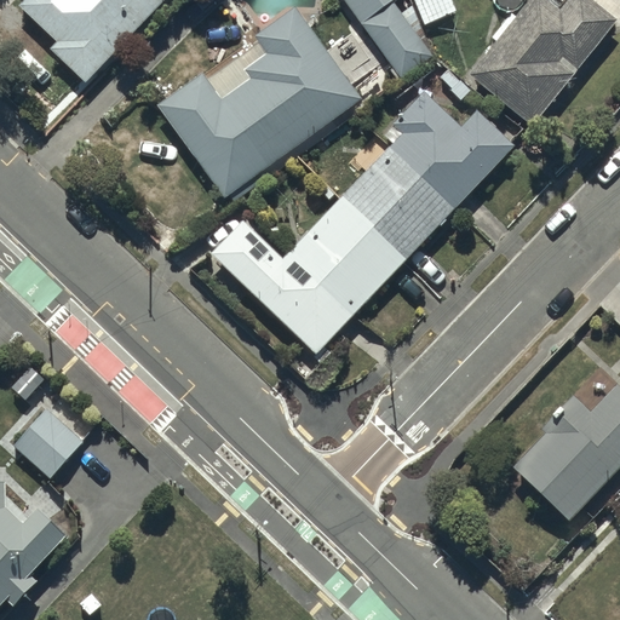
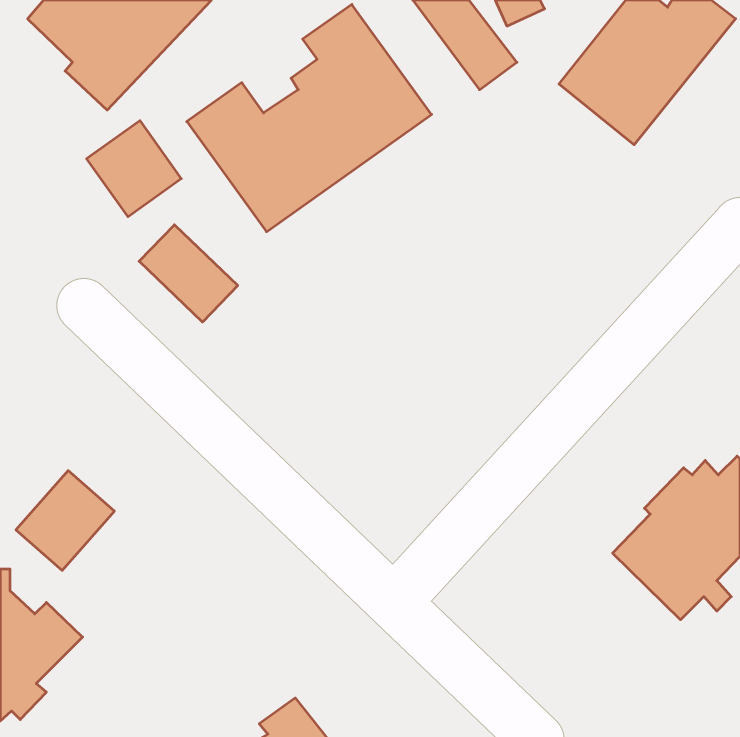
building: [211,90,513,351] -> none
building: none -> [87,121,181,217]
building: none -> [139,225,238,322]

